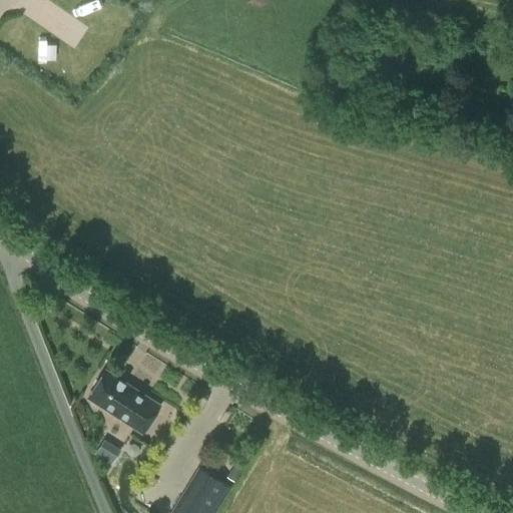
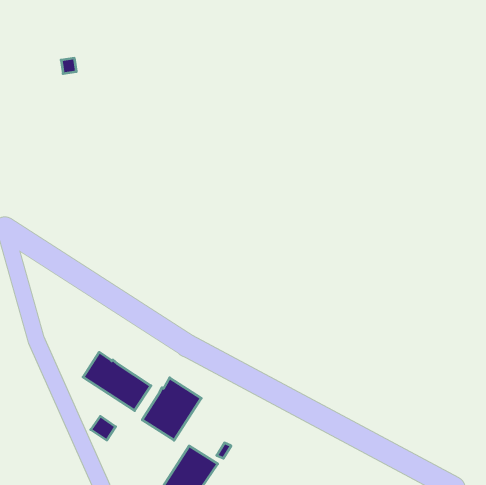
building: none -> [142,378,201,440]

